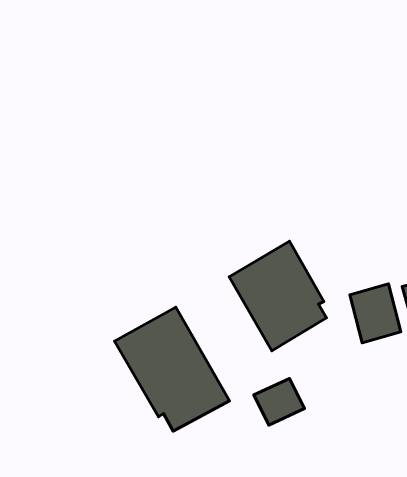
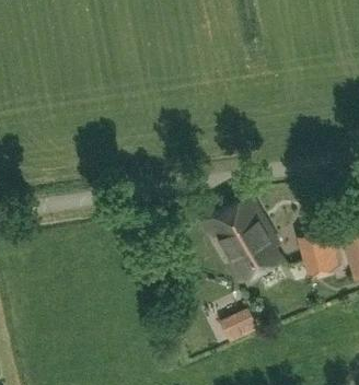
building: [115,307,229,431] -> none

